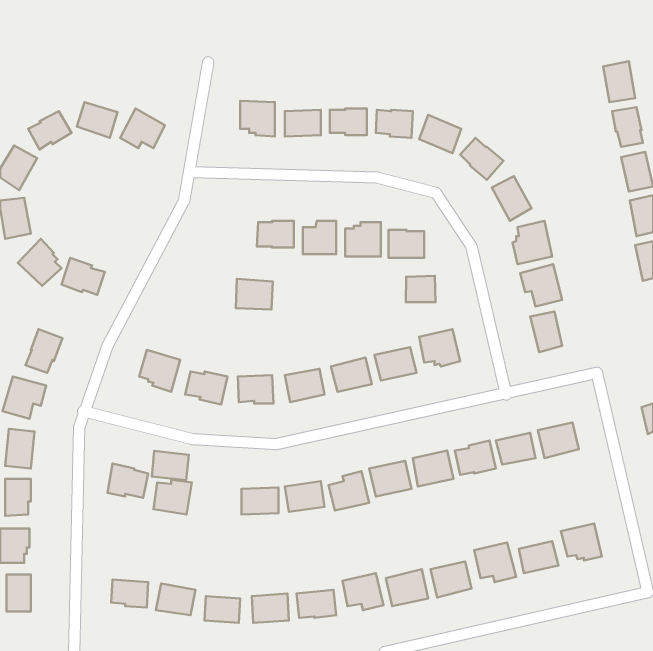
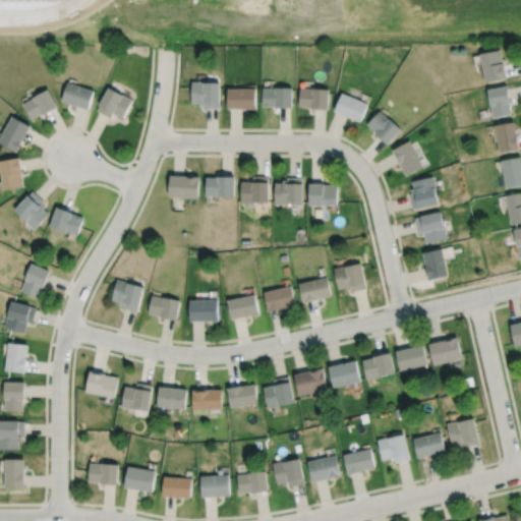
building: [406,276,435,302] -> none
building: [236,279,273,309] -> [169,175,198,199]
building: [152,451,189,480] -> [157,387,186,410]

